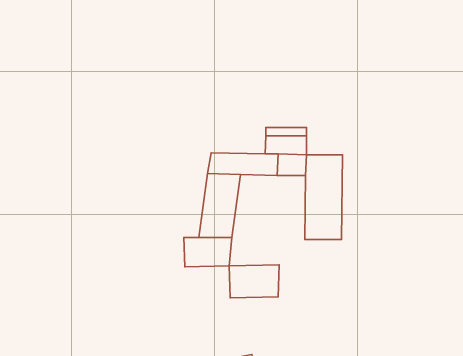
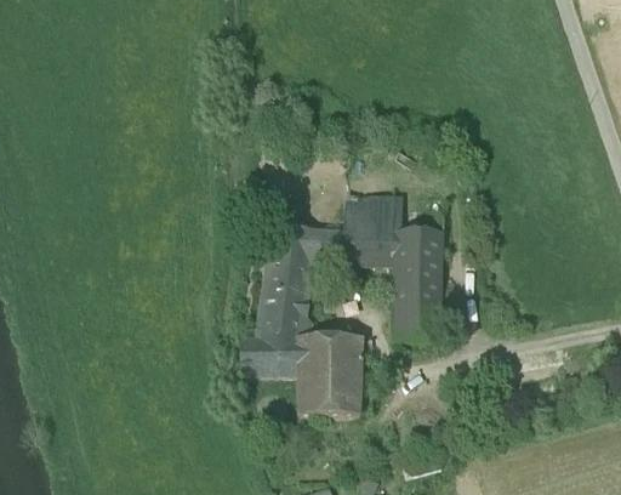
building: none -> [297,336,371,372]

